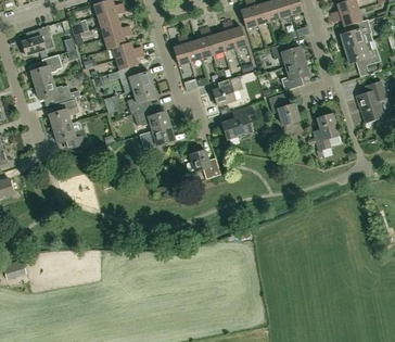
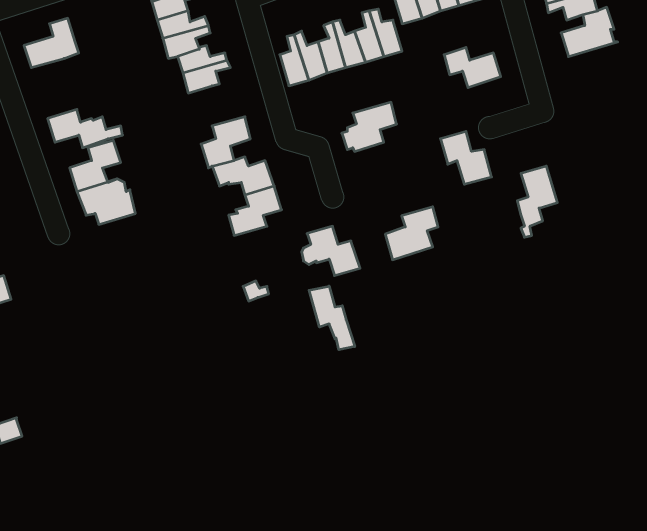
building: [345,39,380,64] -> none
building: [31,53,63,85] -> none
building: [281,60,309,90] -> none
building: [118,65,153,89] -> none
building: [357,81,386,121] -> none
building: [224,106,255,138] -> [385,207,438,260]
building: none -> [309,286,355,350]

